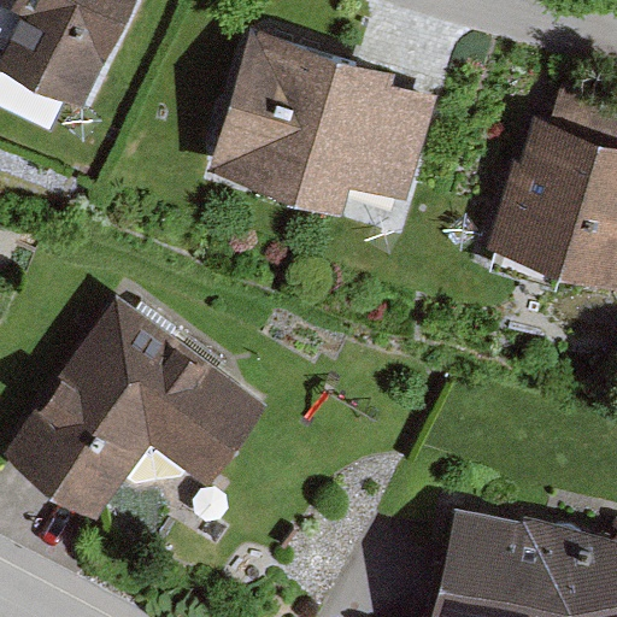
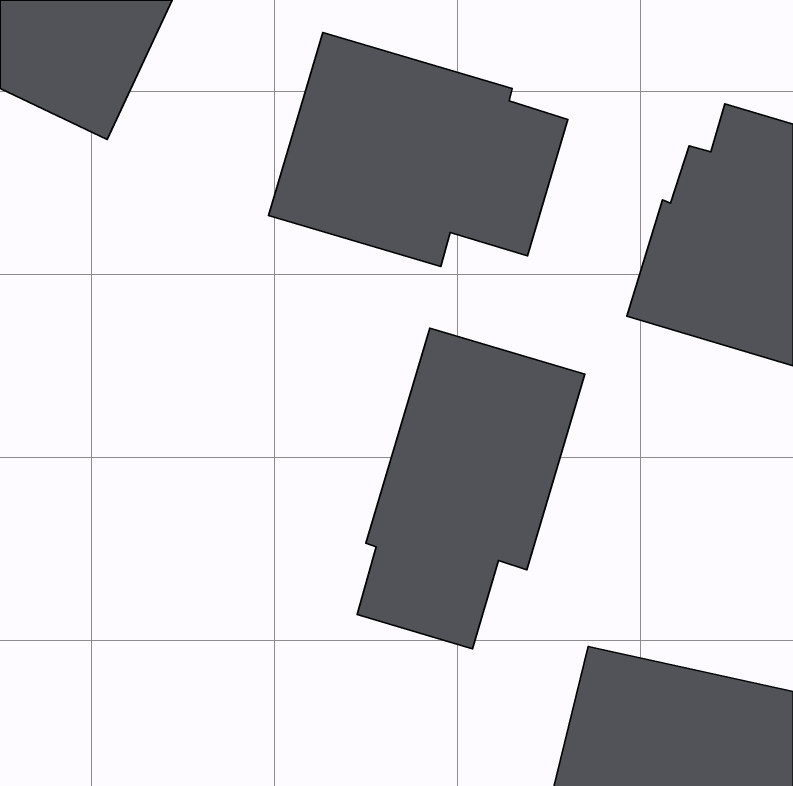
building: none -> [357,328,585,649]
building: [7,301,266,518] -> none

